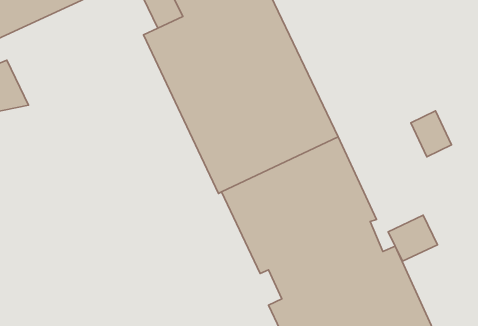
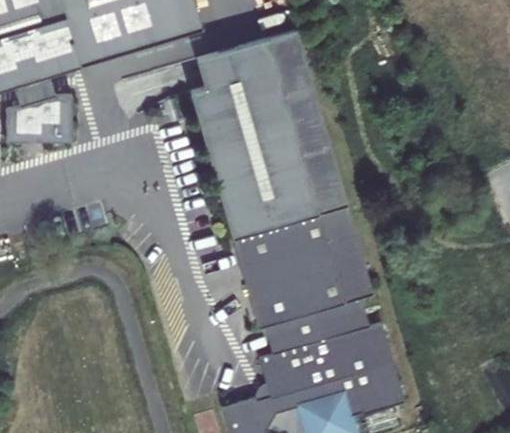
building: [411,111,451,157] -> none
building: [388,215,437,261] -> none

